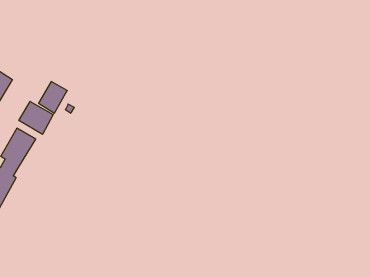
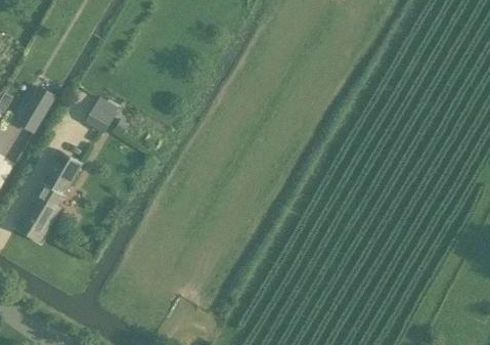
building: [19,101,53,134] -> none

